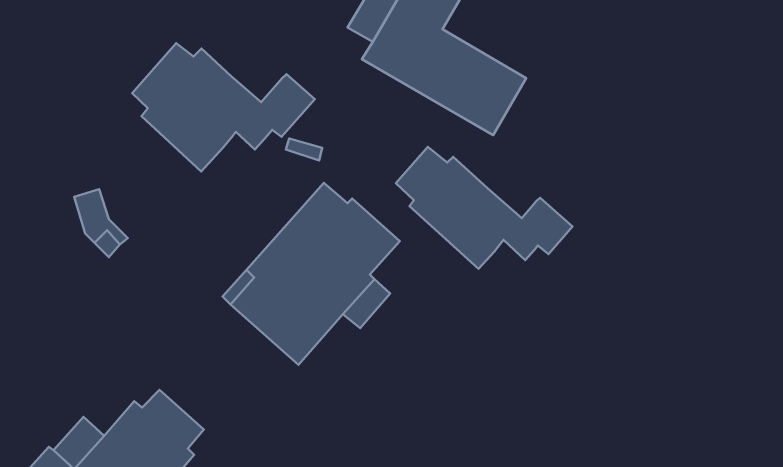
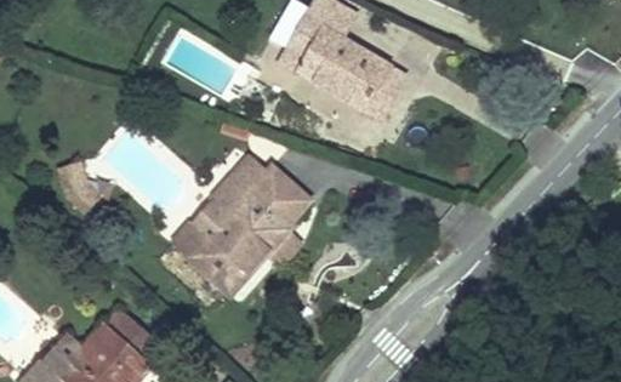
building: [132,43,315,171] -> none
building: [396,147,573,269] -> none

